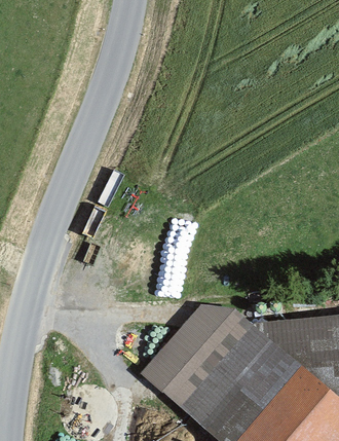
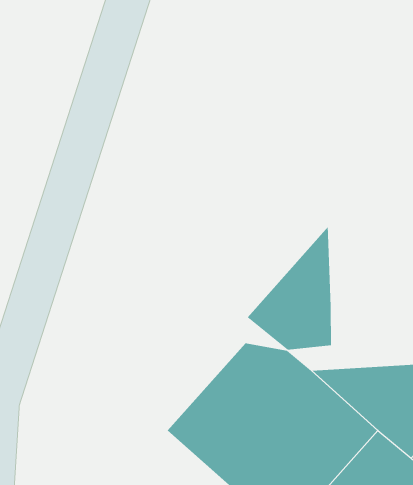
building: none -> [247,226,332,351]

